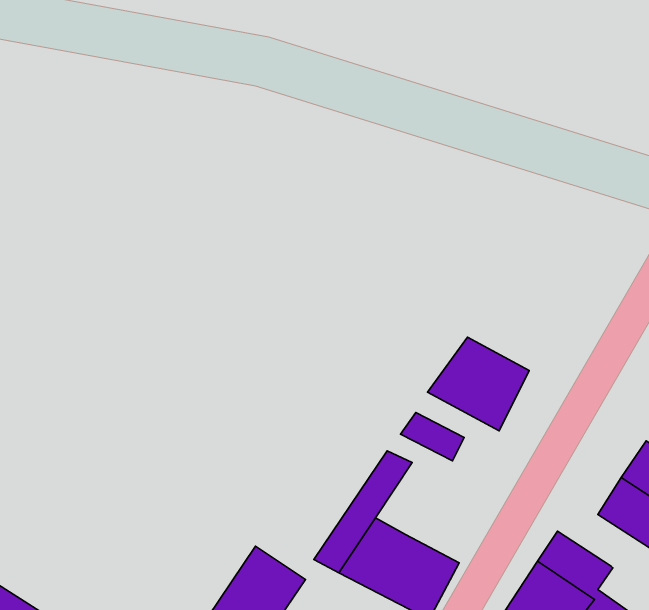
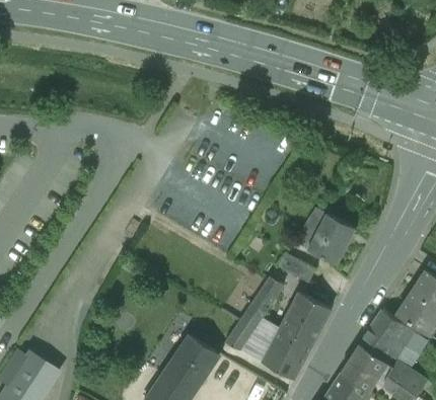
building: none -> [280,292,332,344]
building: none -> [372,311,423,346]

